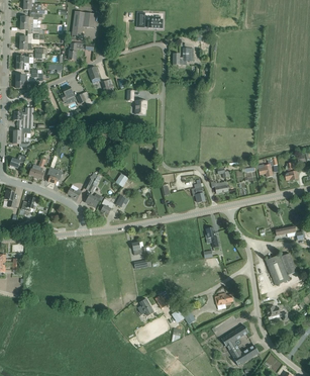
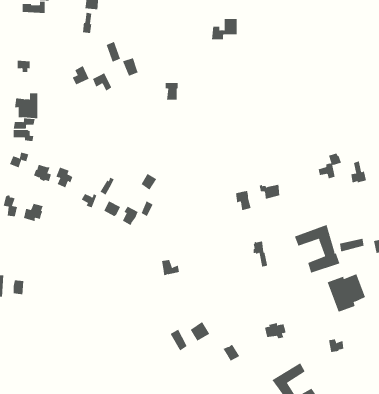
building: none -> [294,224,340,274]

